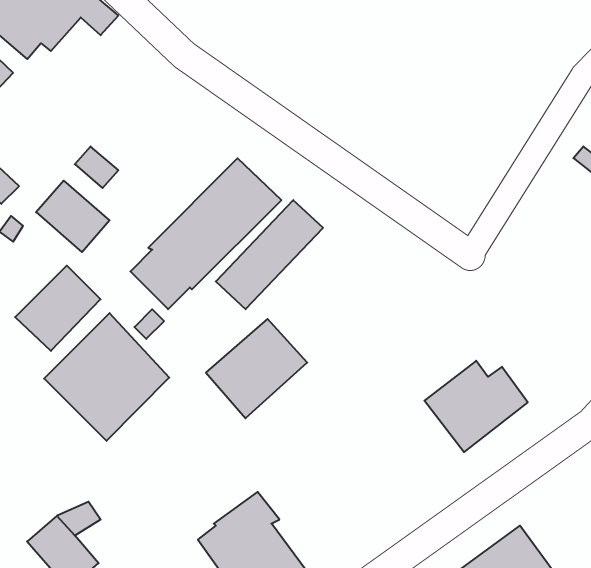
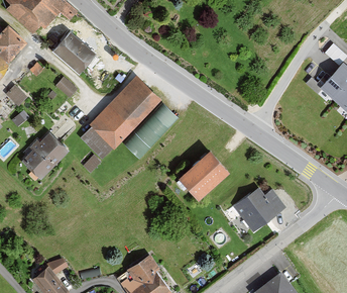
building: [36,181,110,252] -> [56,38,94,75]
building: [44,313,169,441] -> none
building: [206,319,307,418] -> [176,144,227,195]

